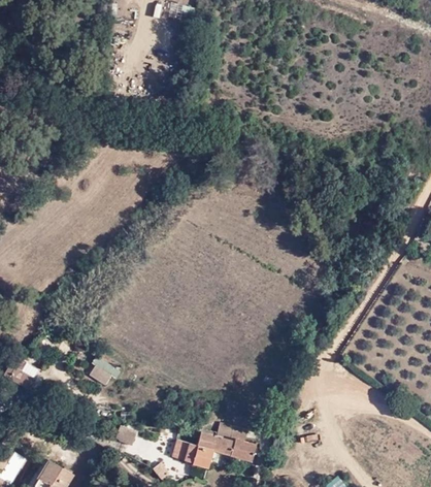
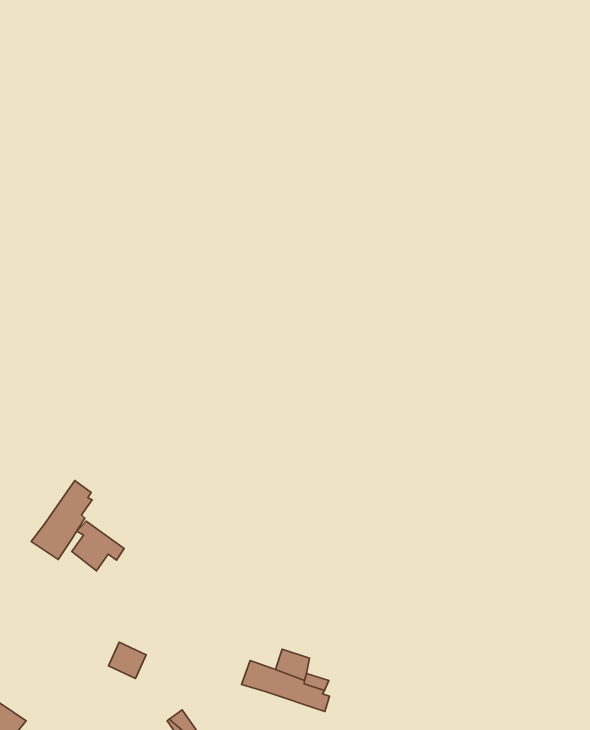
building: none -> [31,480,92,560]
building: [173,441,211,466] -> none

